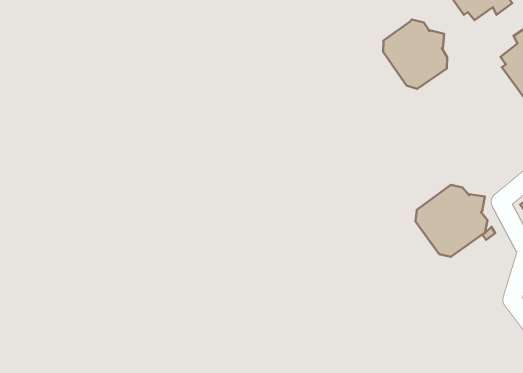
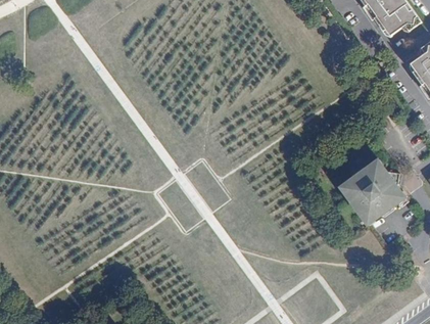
building: [383,20,447,89] -> none

